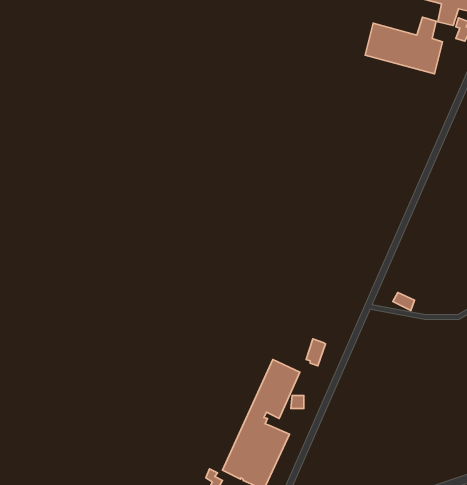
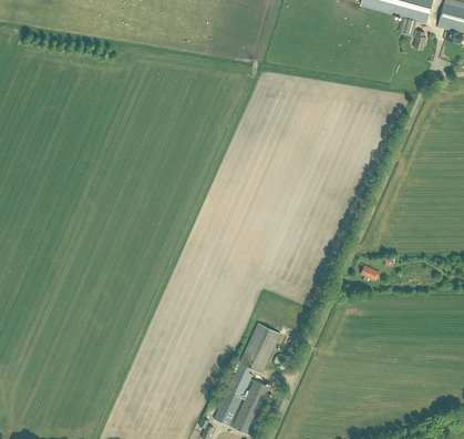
building: [365,17,442,74] -> none

